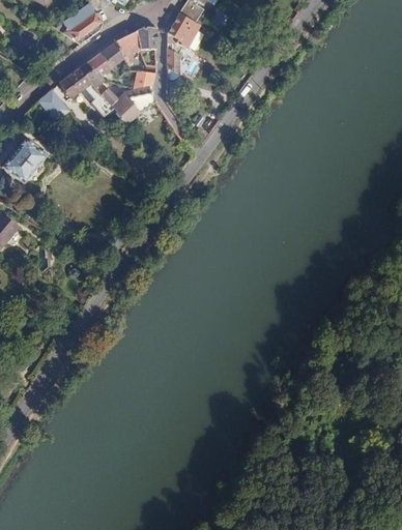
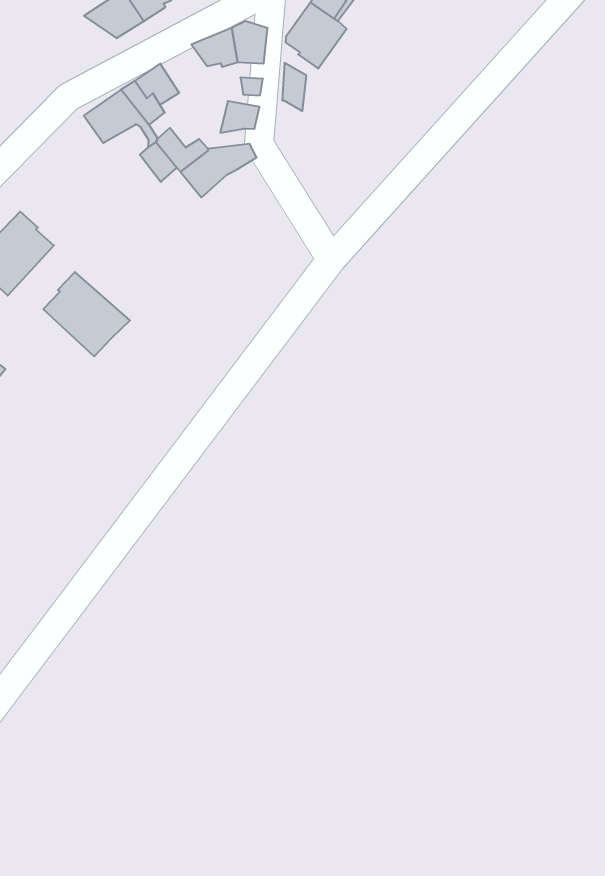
building: [98,40,126,67] -> none
building: [36,88,68,121] -> none
building: none -> [43,272,130,356]

